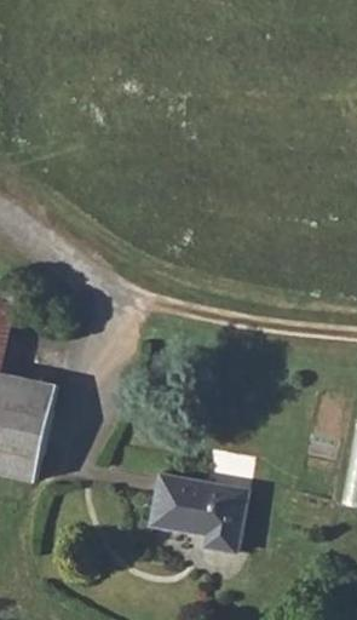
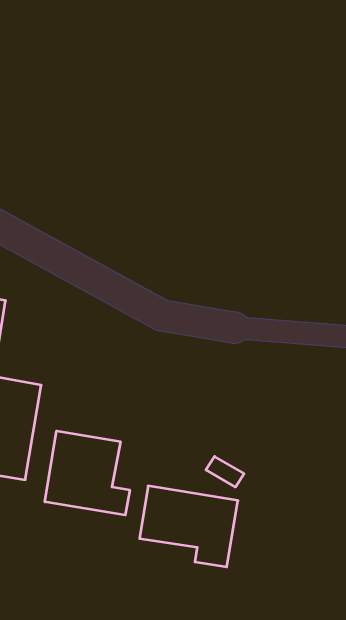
building: none -> [45,431,130,515]

